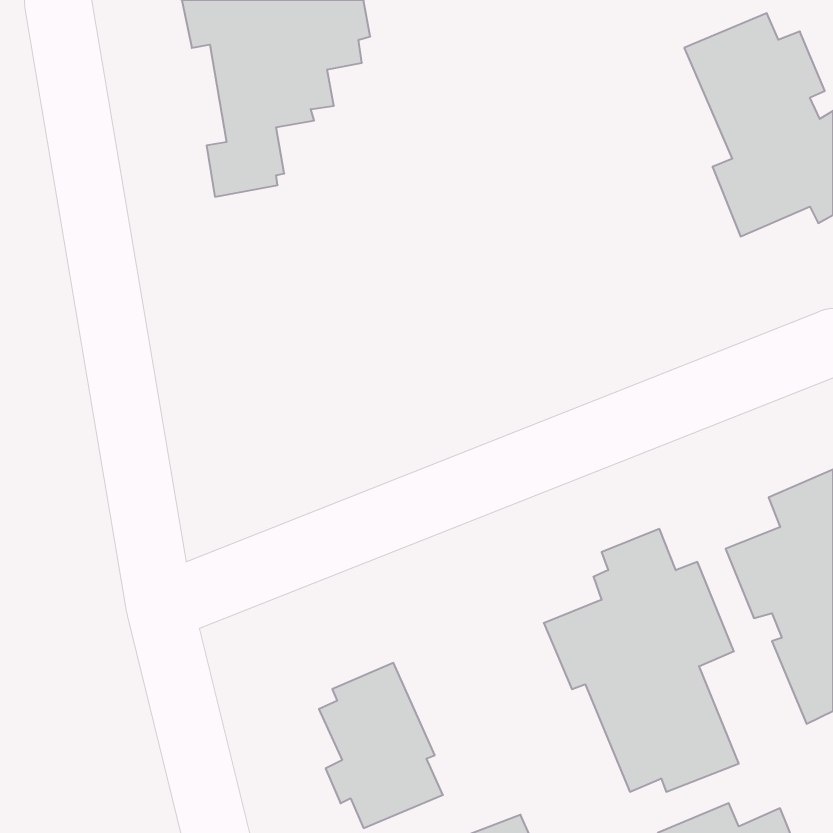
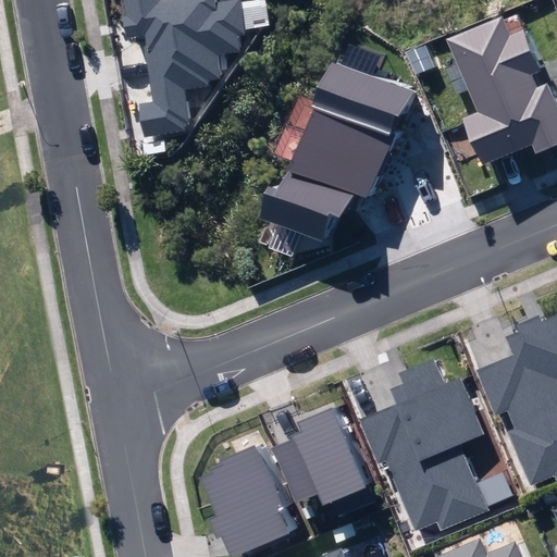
building: none -> [273,62,416,237]
building: none -> [272,405,370,505]

